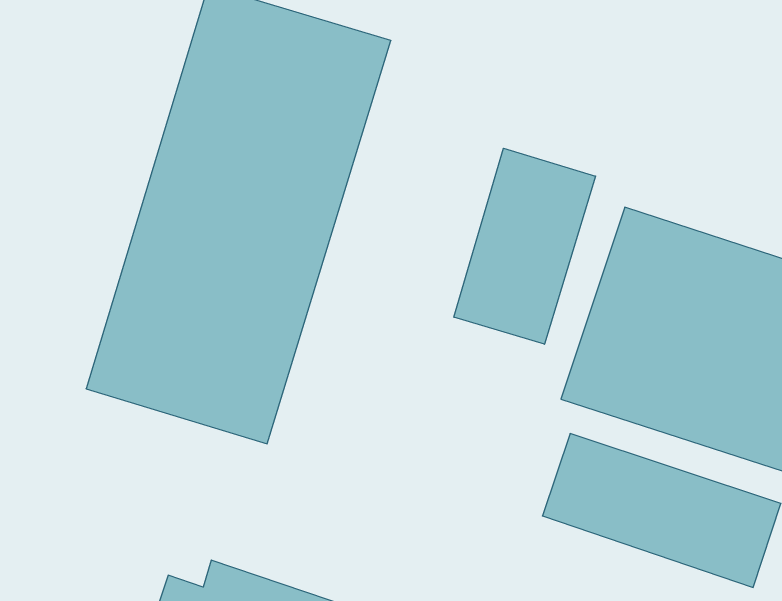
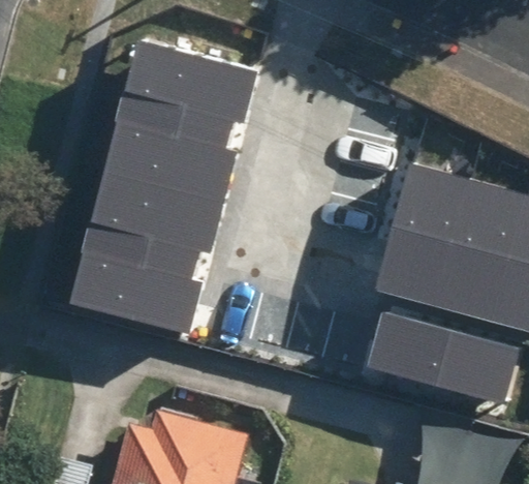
building: [454,148,596,344] -> none

